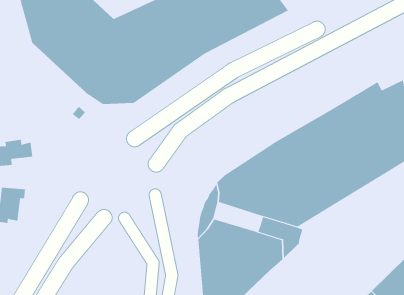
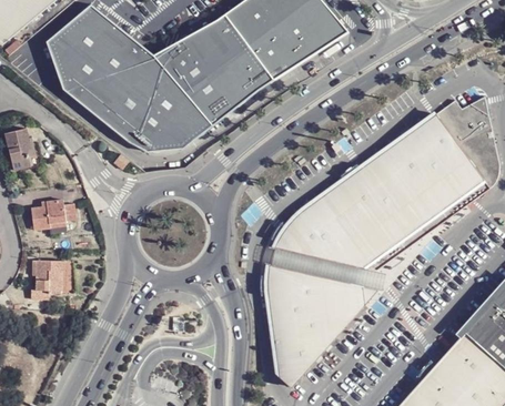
building: none -> [281,250,335,280]

